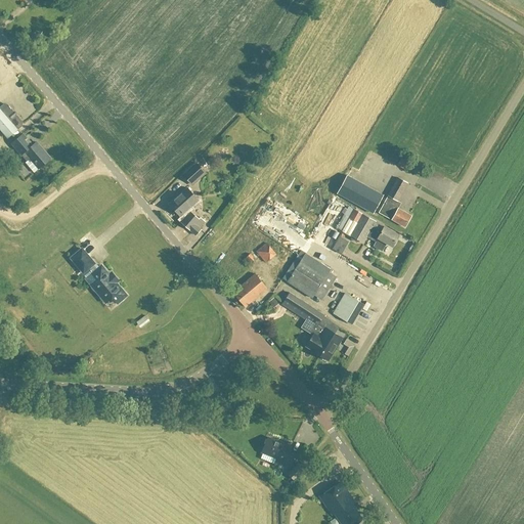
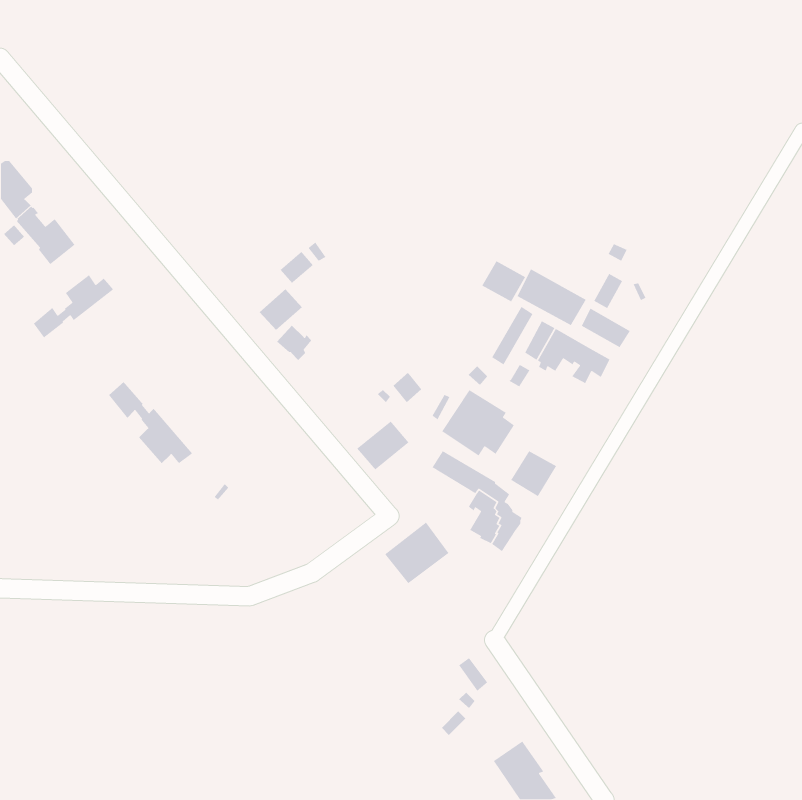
building: none -> [481,260,526,303]
building: none -> [33,274,114,338]
building: none -> [384,521,449,584]
building: [261,437,294,466] -> none

